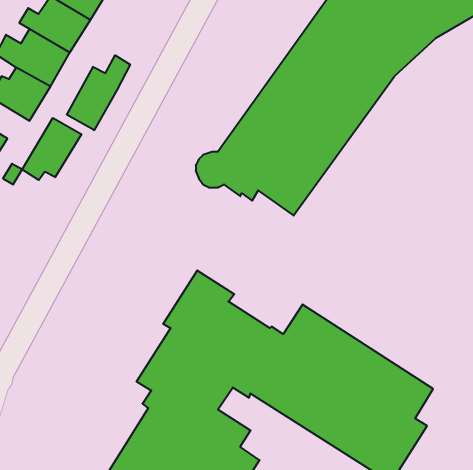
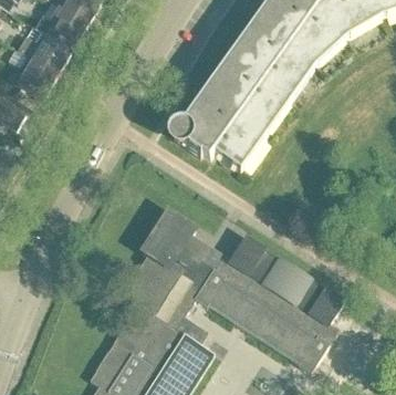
building: [67,55,130,130] -> none
building: [22,118,81,180] -> none

